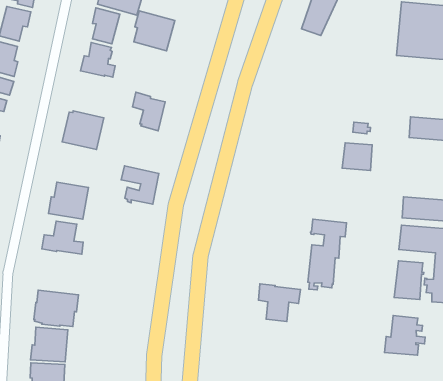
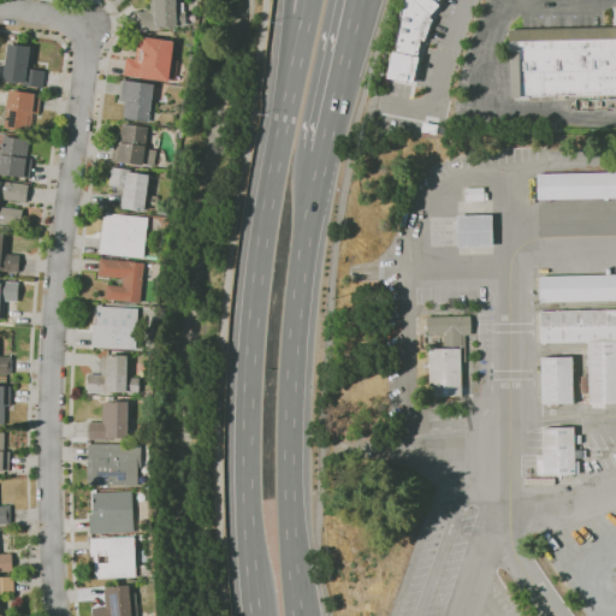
building: [134,11,175,51] -> none
building: [132,92,165,131] -> [108,166,149,212]
building: [121,166,159,204] -> [97,257,144,303]
building: none -> [89,402,135,439]
building: [258,284,301,322] -> none

